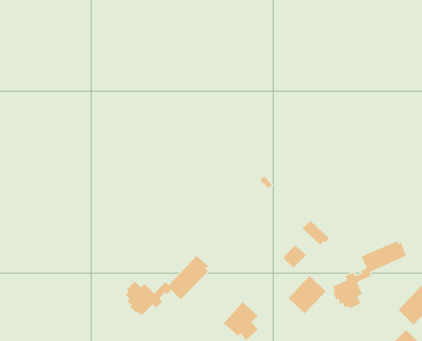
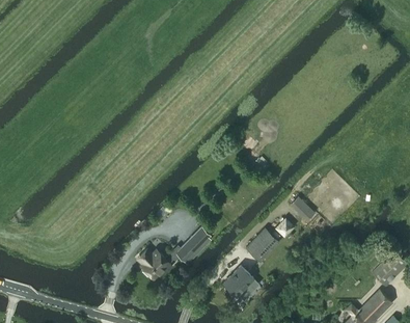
building: [333,240,406,309] -> none
building: [288,275,327,314] -> [245,228,278,262]

